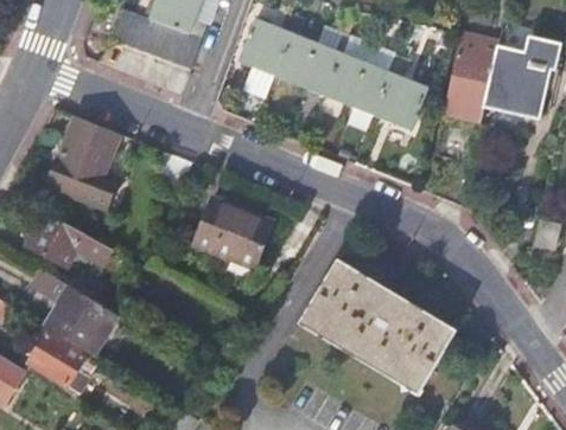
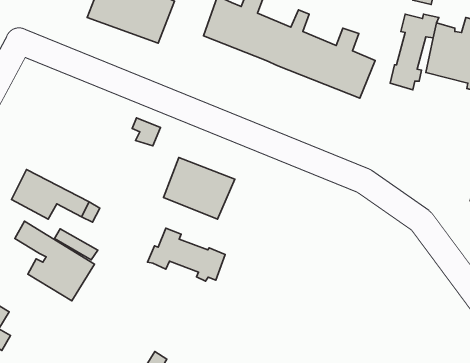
building: [47,118,117,210] -> none
building: [303,258,457,389] -> none
building: none -> [148,228,225,281]
building: [28,333,89,392] -> none

